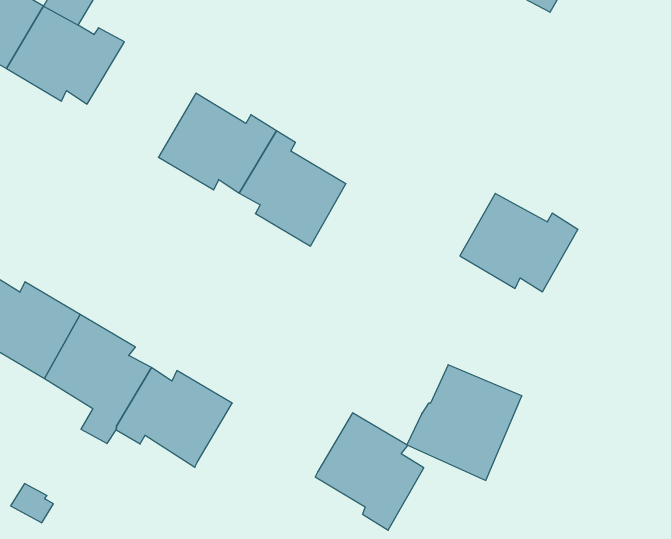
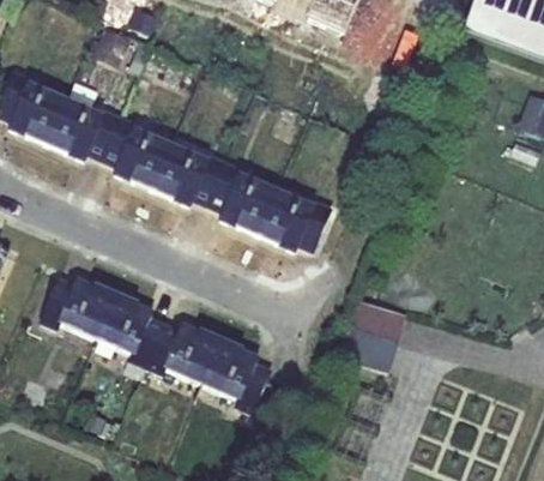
building: none -> [103,115,173,187]
building: [460,193,578,292] -> [259,190,333,249]
building: [315,413,424,530] -> [201,341,271,414]

